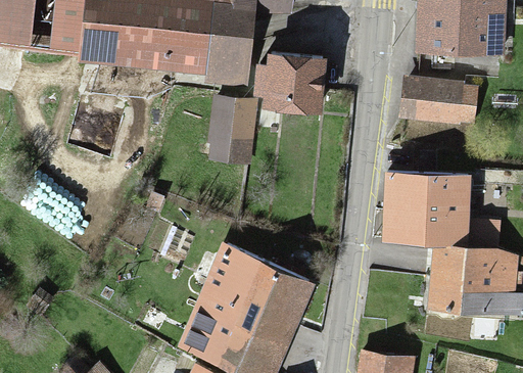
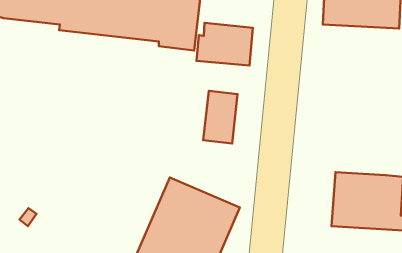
building: [399,78,476,124] -> none
building: [209,95,253,161] -> [203,91,238,143]
building: [378,171,497,245] -> none

